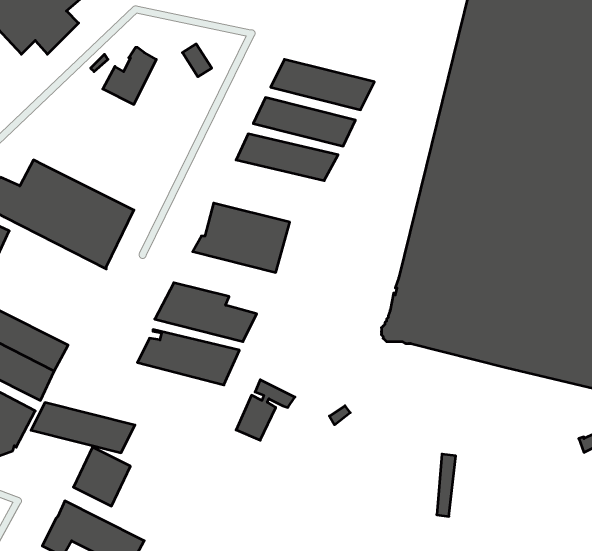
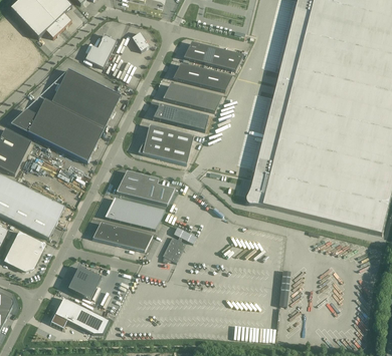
building: none -> [51,68,121,127]
building: none -> [153,103,208,129]
building: [31,403,135,453] -> [92,221,153,250]

